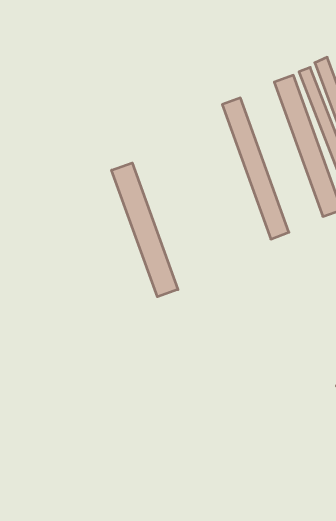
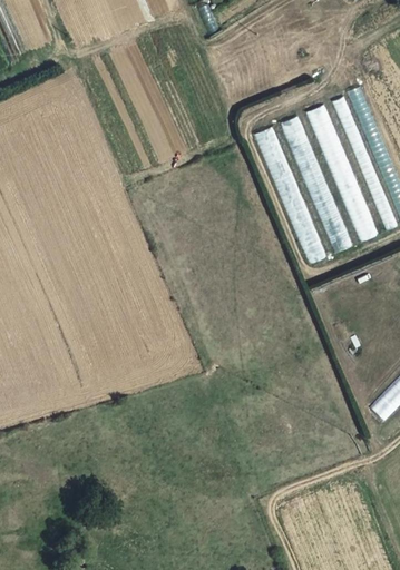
building: none -> [282,115,351,255]
building: [112,163,178,297] -> none

